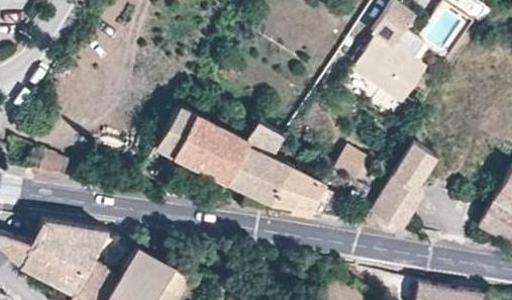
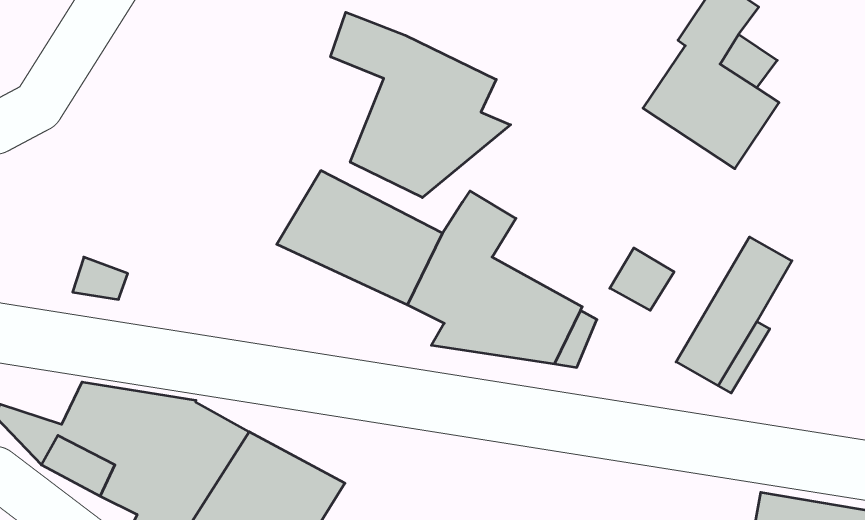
building: none -> [331,12,511,198]

